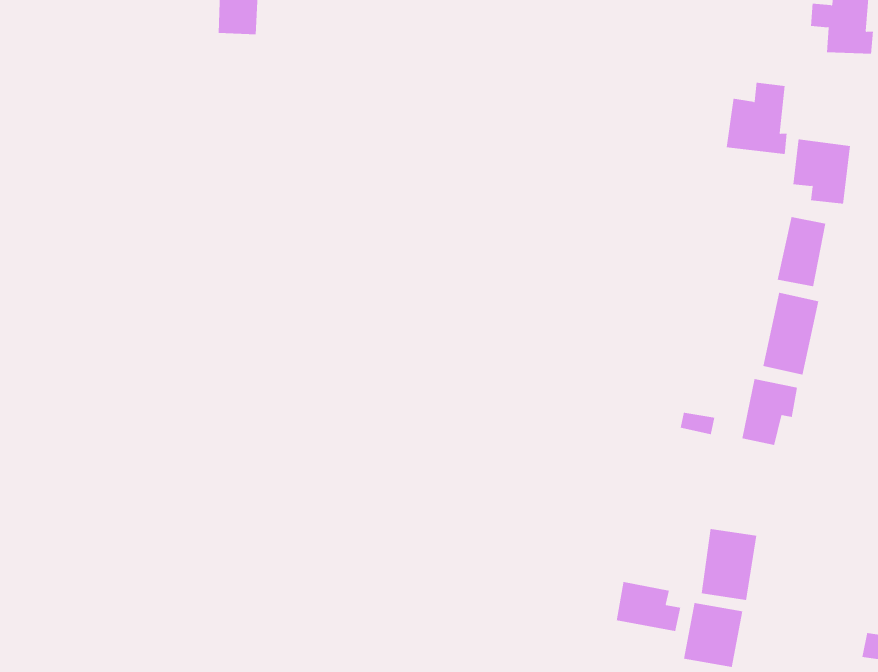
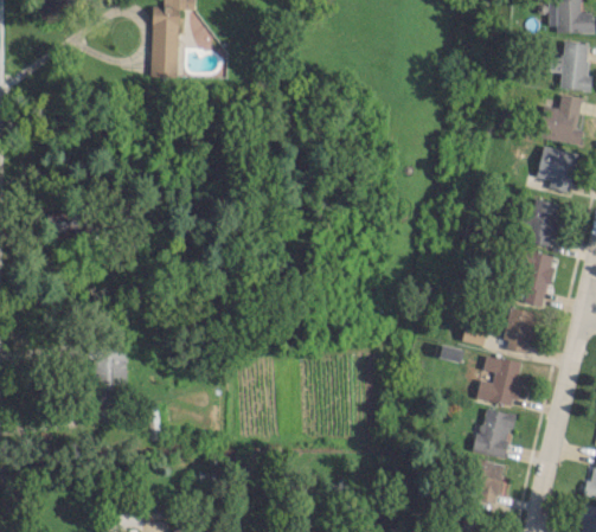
building: [726,82,787,154] -> [541,95,583,143]
building: none -> [476,355,523,406]
building: [616,581,681,632] -> none

